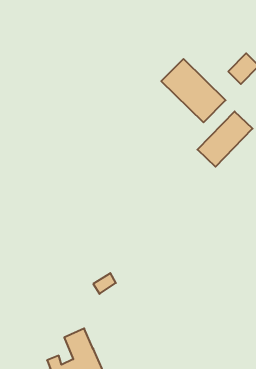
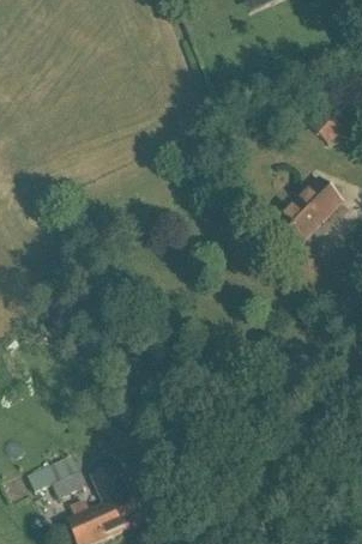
building: [161,59,226,122] -> none
building: none -> [28,455,85,500]

